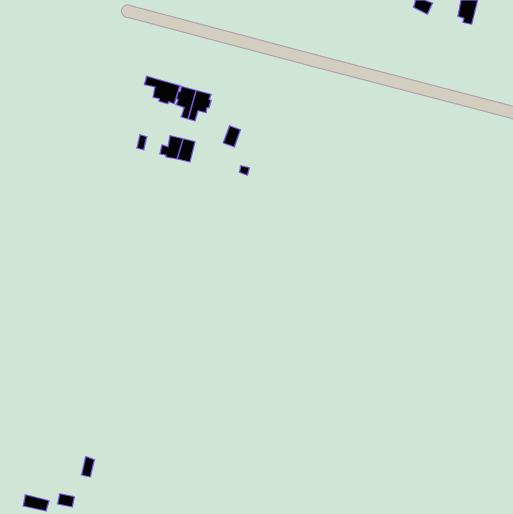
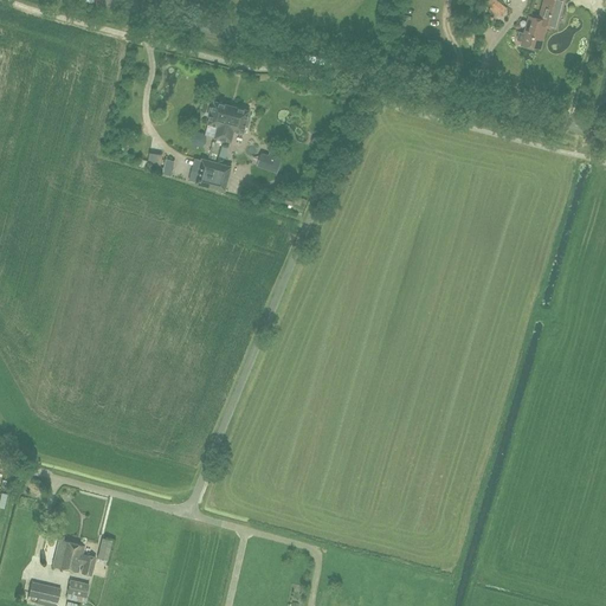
building: none -> [516,15,546,49]
building: [144,76,180,104] -> none
building: none -> [51,540,94,575]

